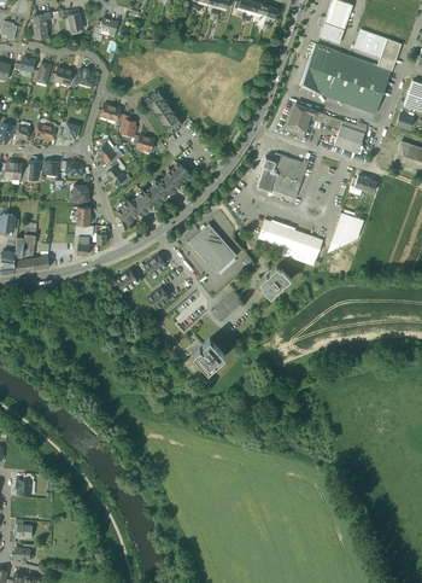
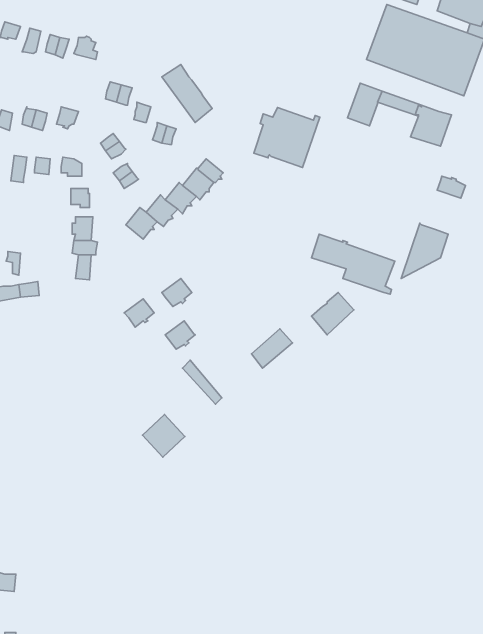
building: [258,152,309,198] -> [254,108,320,167]
building: [189,223,236,273] -> none
building: [192,338,224,371] -> [142,415,185,457]

